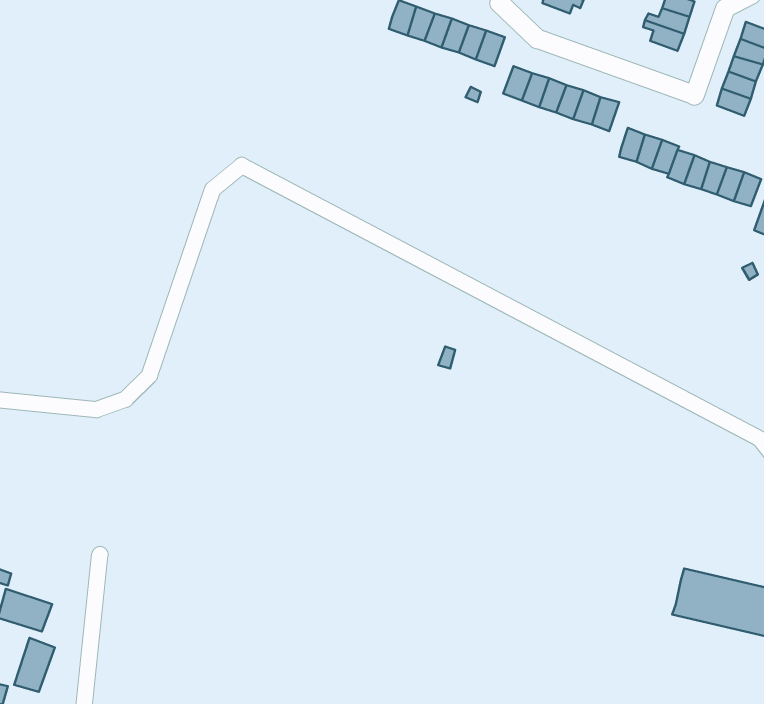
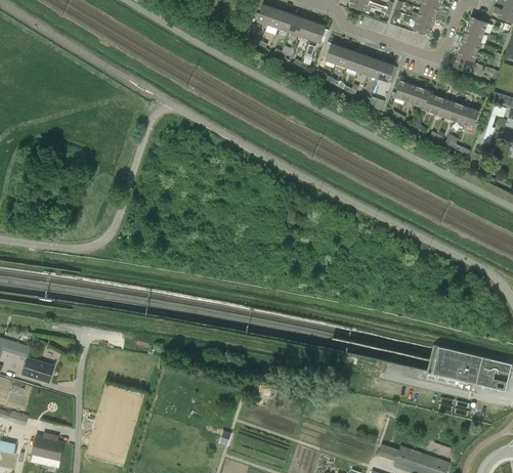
building: [14,638,55,692] -> none

